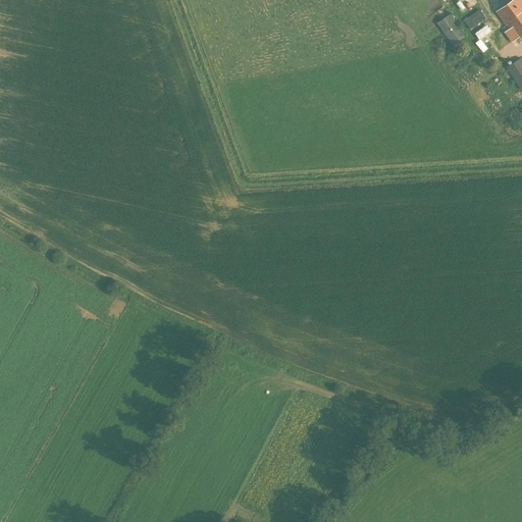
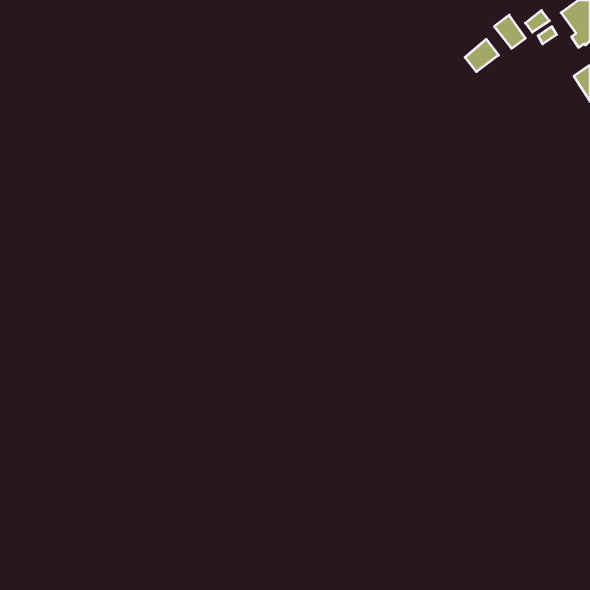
building: none -> [465,39,499,72]

